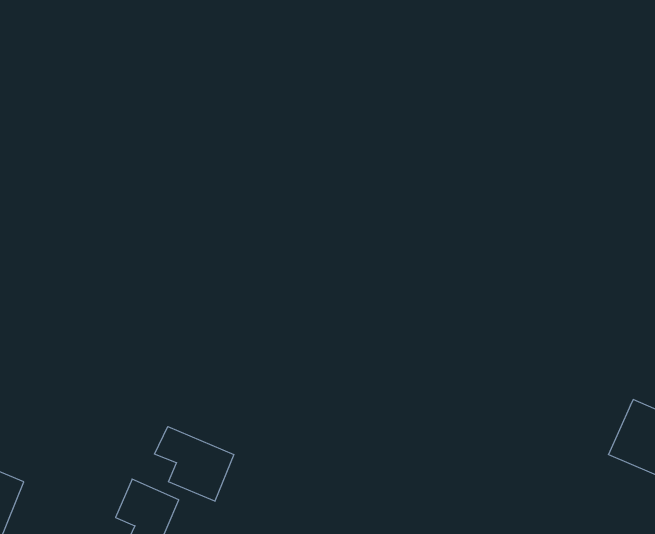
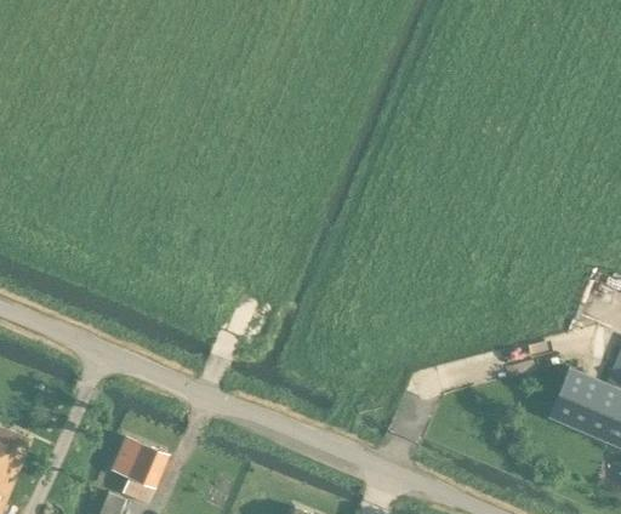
building: [155,427,234,501] -> none

